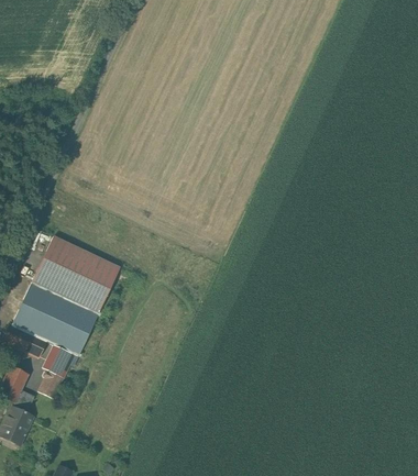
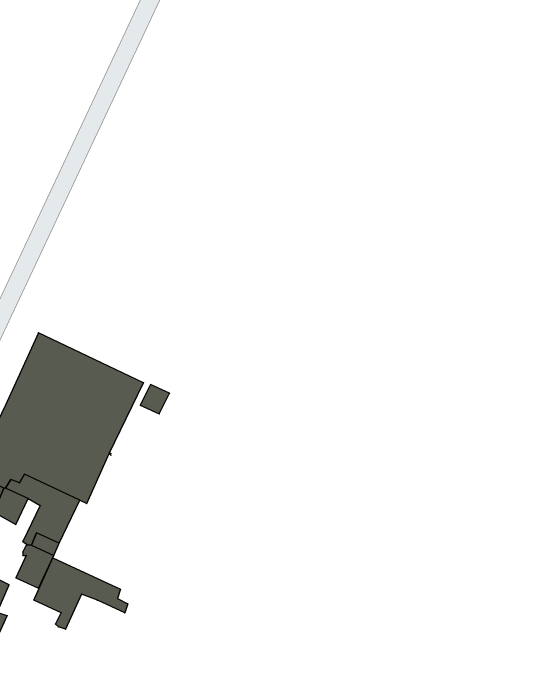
building: none -> [34,558,128,629]

